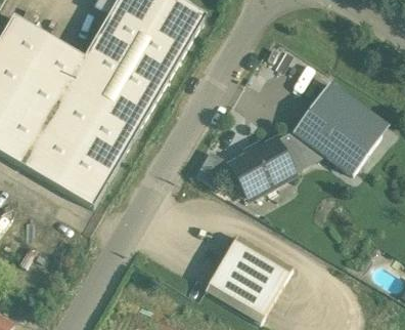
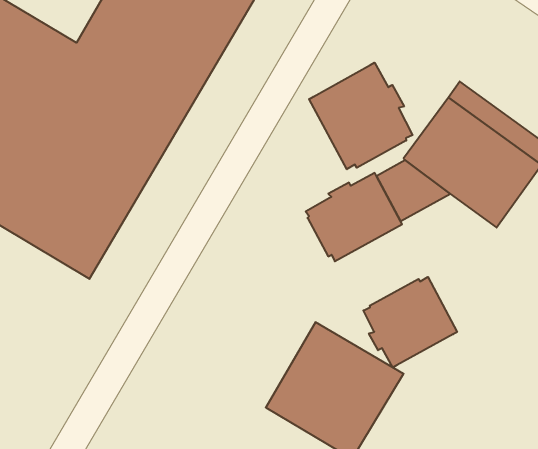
building: none -> [309,63,413,169]
building: none -> [363,277,457,367]

